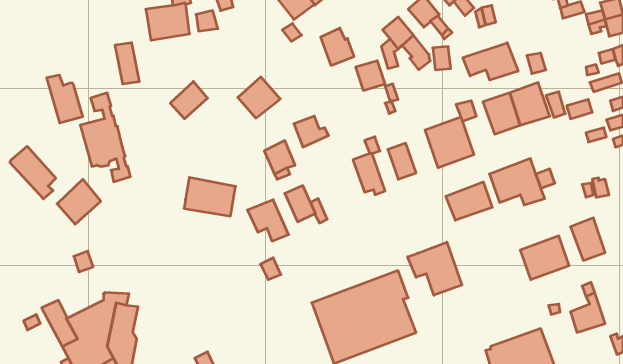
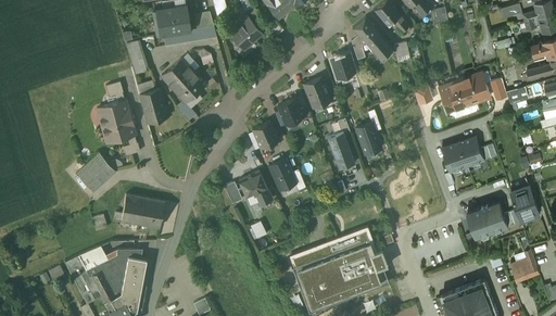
building: [321,28,354,65] -> [304,78,332,110]
building: [463,43,518,80] -> none
building: none -> [162,60,192,90]
building: [47,75,83,123] -> [137,84,167,124]
building: [238,77,280,118] -> [228,16,264,51]
building: [425,117,474,168] -> none
building: [10,146,56,199] -> none
building: [184,177,236,216] -> [121,195,164,228]
building: [446,182,492,220] -> none
building: [408,242,462,295] -> none

